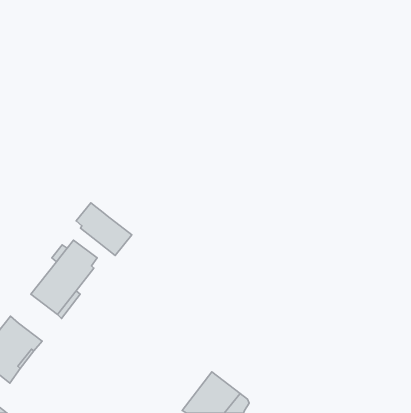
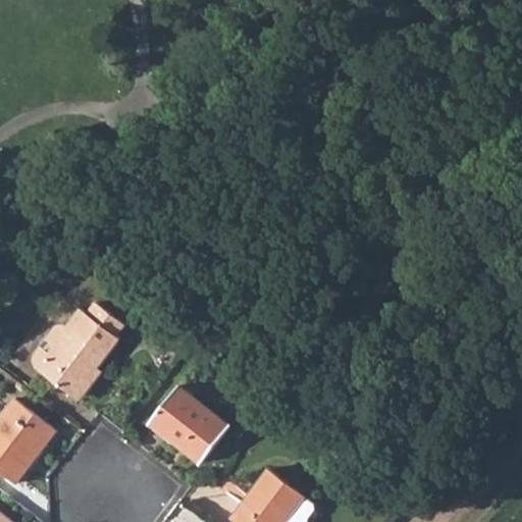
building: [76,203,132,255] -> none
building: none -> [149,387,227,463]

